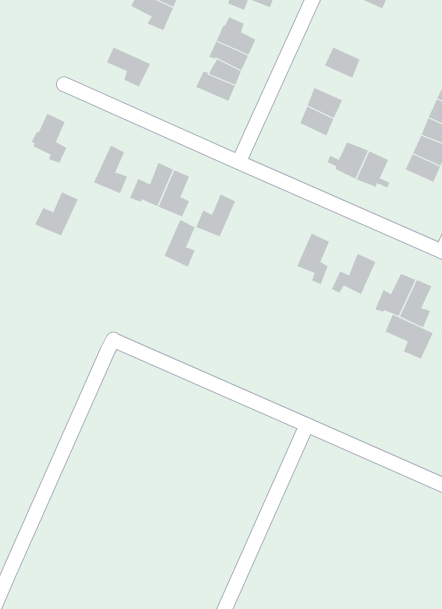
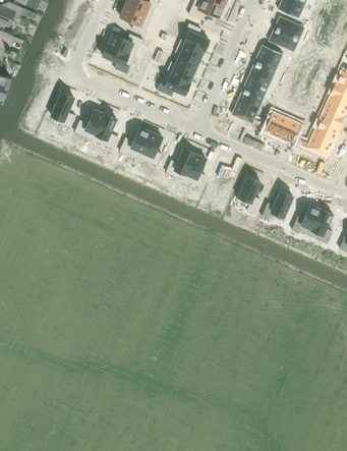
building: none -> [270,15,305,50]
building: none -> [109,33,144,56]
building: none -> [250,57,278,81]
building: none -> [159,72,190,95]
building: none -> [233,98,262,125]
building: none -> [302,130,335,156]
building: [34,191,79,236] -> [75,108,107,139]
building: [164,220,196,268] -> [184,153,207,186]
building: [385,314,434,360] -> none

